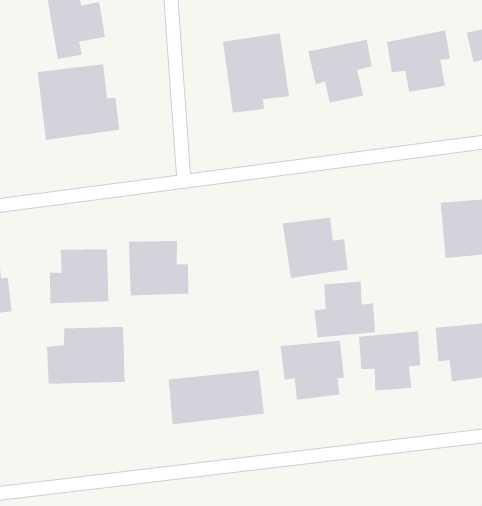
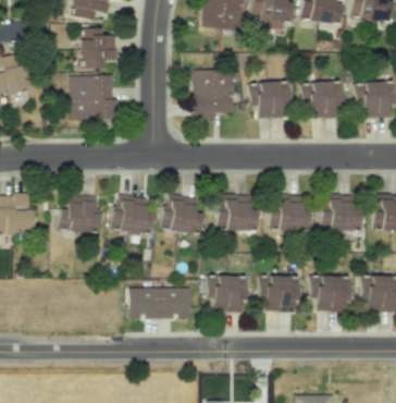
building: none -> [162,195,202,232]
building: [314,281,376,338] -> [270,194,310,230]
building: [46,326,125,384] -> none

